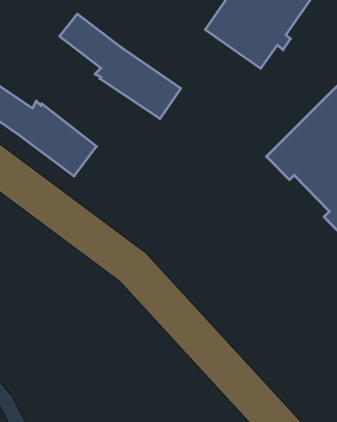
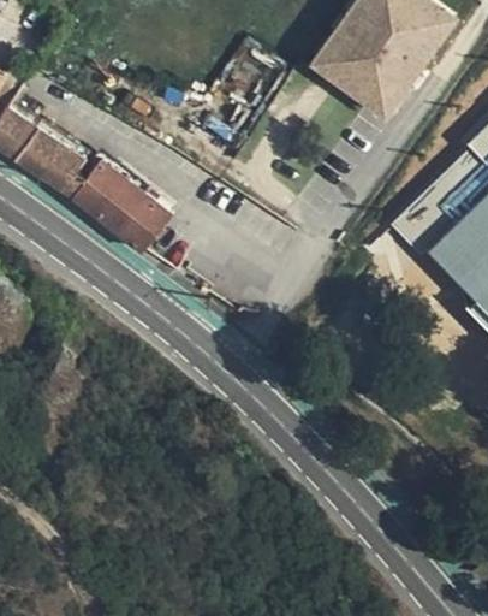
building: [60,14,181,119] -> none

